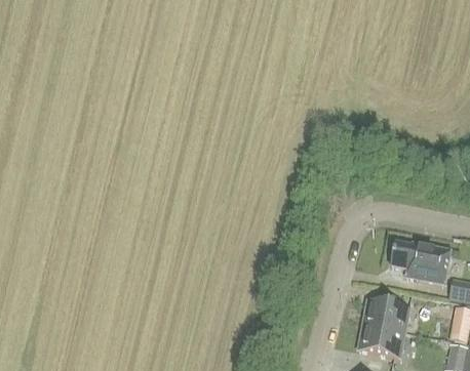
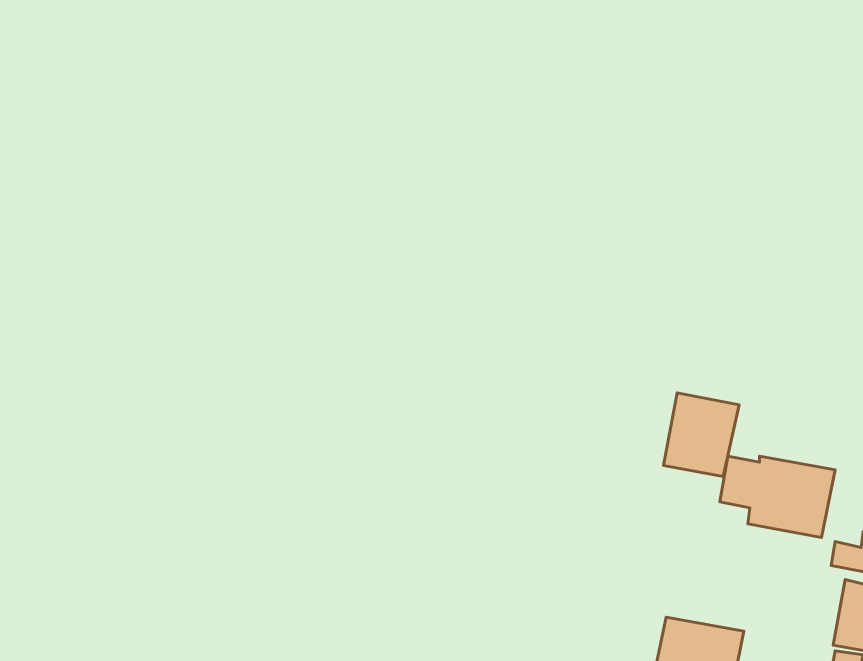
building: none -> [663,393,739,477]
building: [363,298,408,331] -> none

